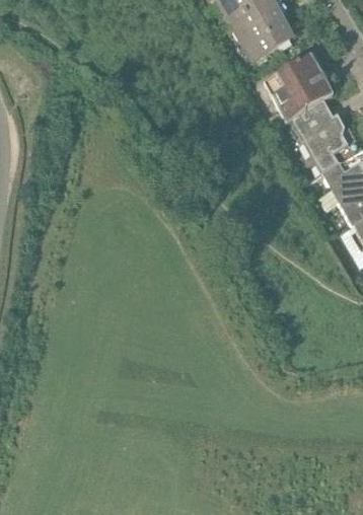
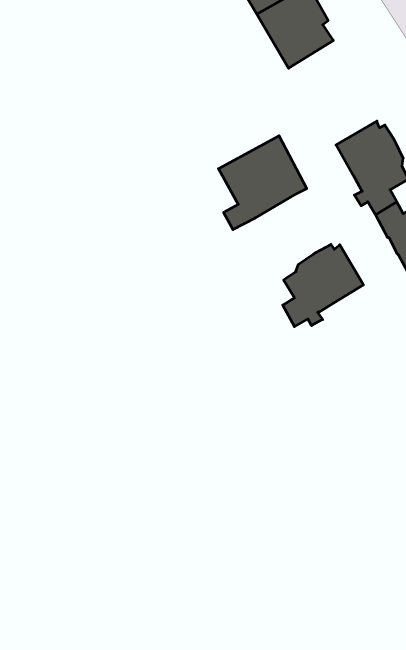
building: [264,56,332,128] -> [218,136,307,230]
building: none -> [283,244,363,327]

